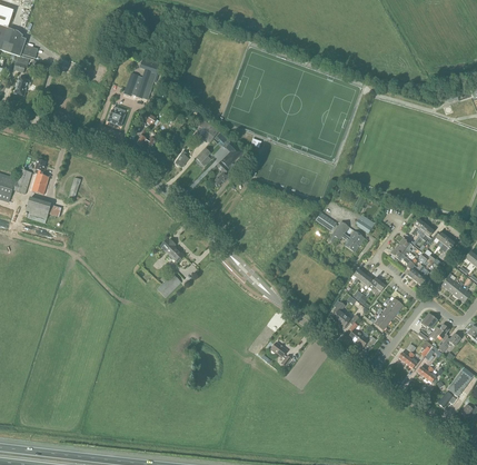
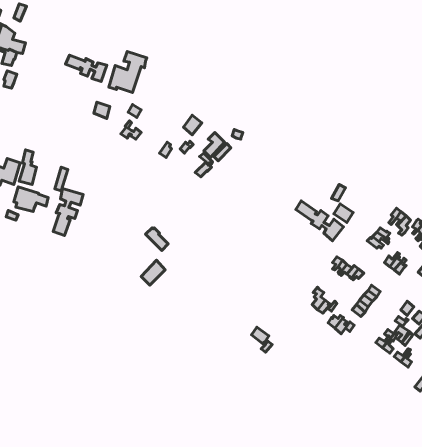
building: none -> [66,55,107,82]
building: none -> [53,189,83,236]

